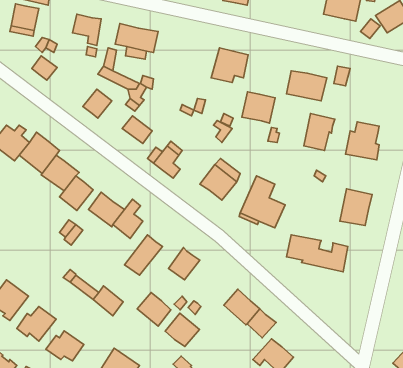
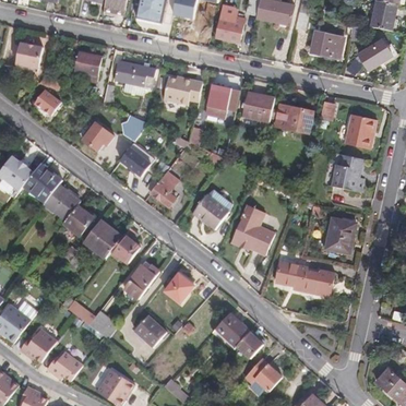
building: none -> [163,76,202,104]
building: [242,92,275,123] -> [242,92,274,121]
building: [304,113,335,150] -> [344,112,373,147]
building: [165,313,200,346] -> none

